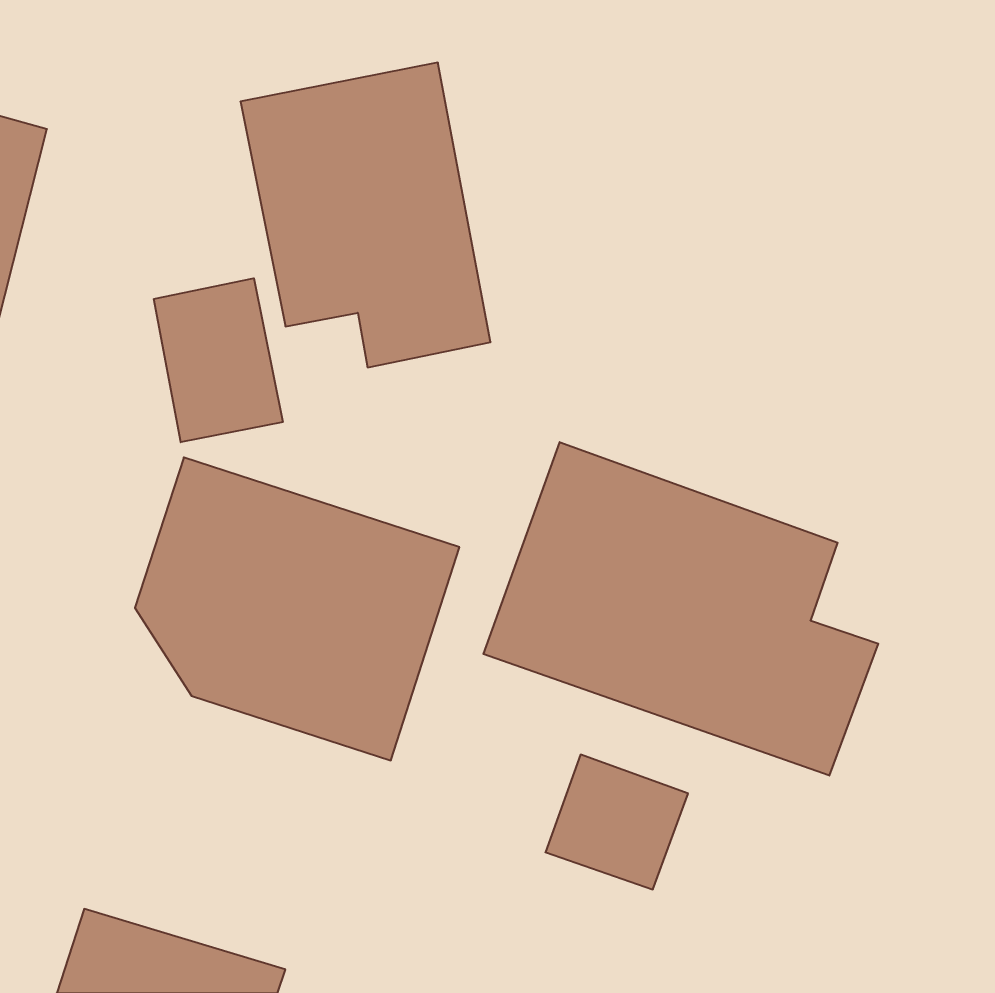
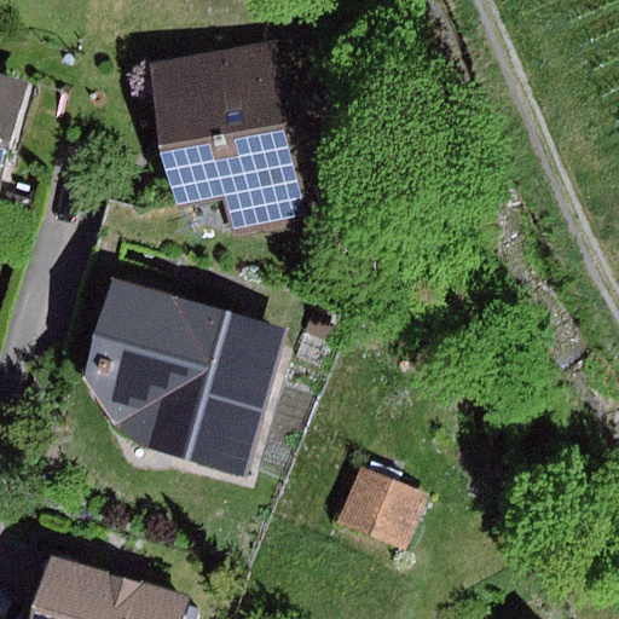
building: [154,278,283,442] -> none
building: [483,442,878,776] -> none

